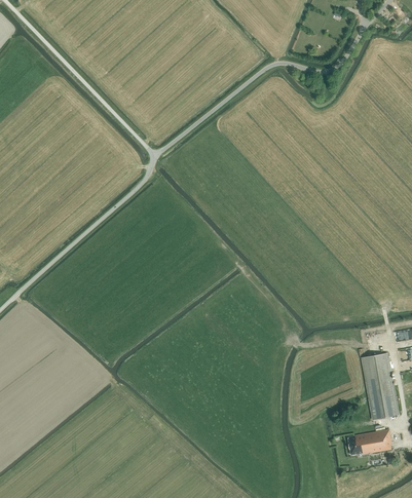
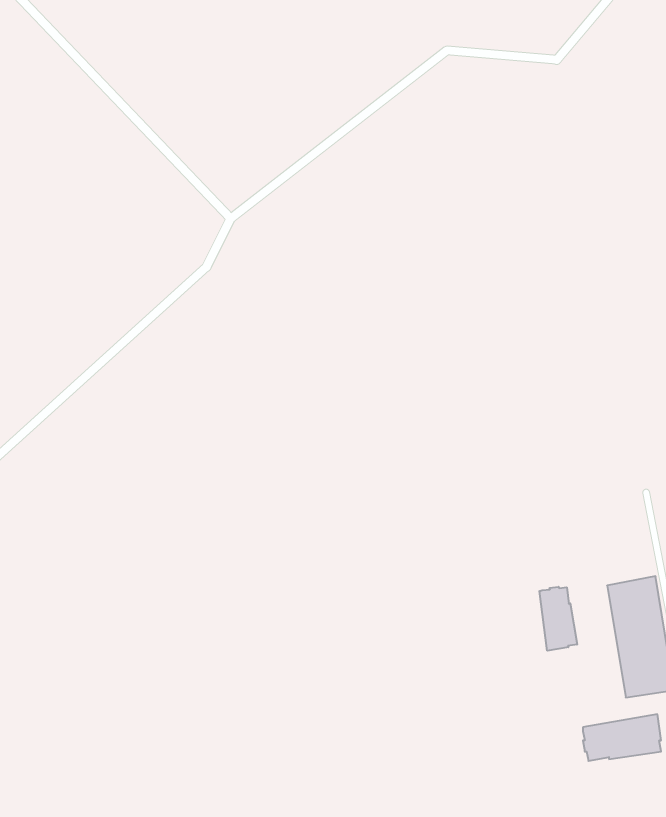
building: none -> [539,587,577,651]

